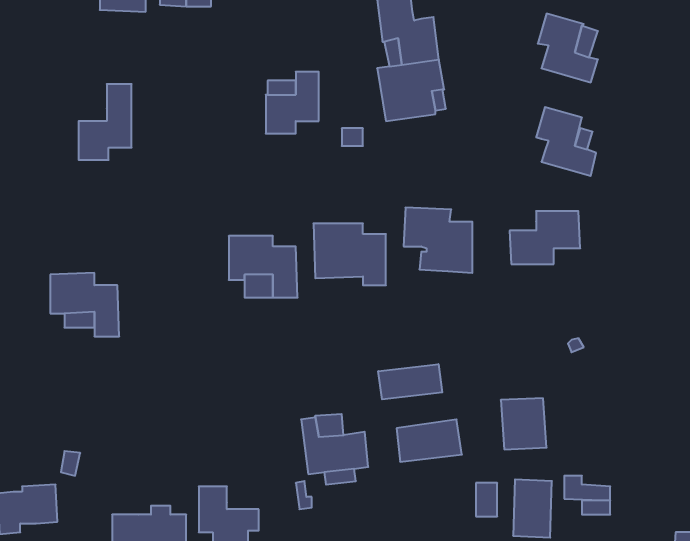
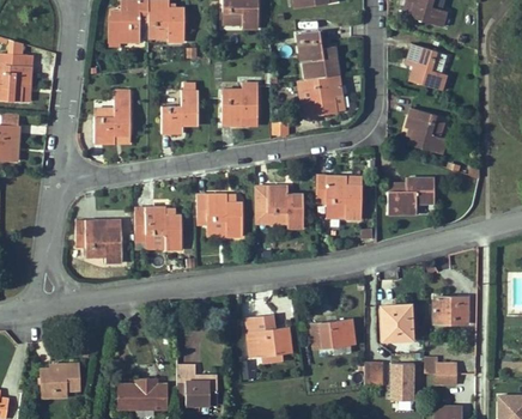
building: none -> [162,77,198,133]
building: none -> [134,206,182,249]
building: [378,364,442,399] -> none
building: none -> [433,296,467,323]

